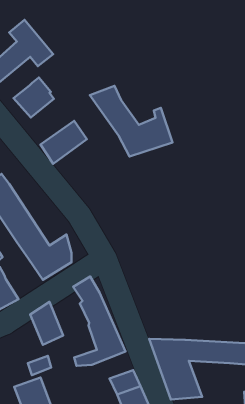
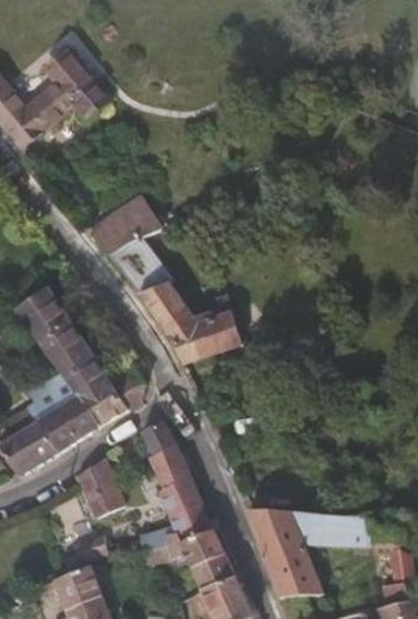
building: [13,77,54,117] -> none
building: [90,86,172,157] -> [123,262,242,364]
building: none -> [39,371,94,453]
building: none -> [164,528,223,567]

